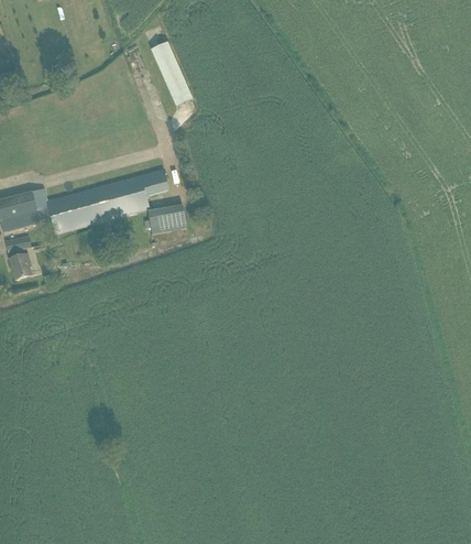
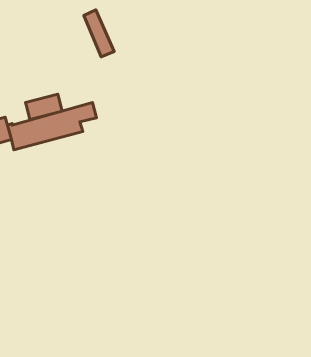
building: none -> [26,94,62,120]
building: [146,203,186,232] -> none

